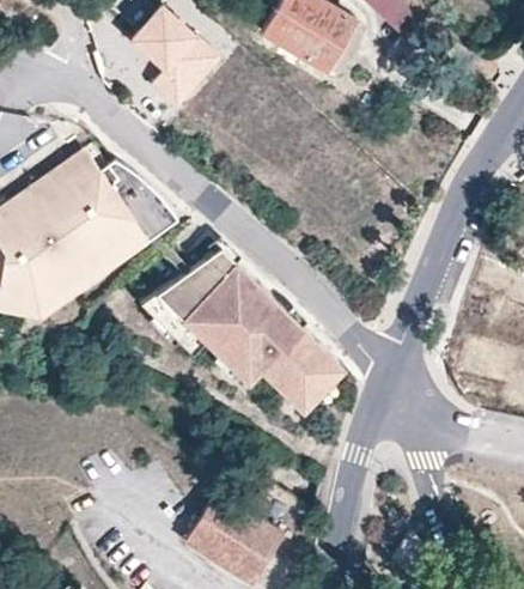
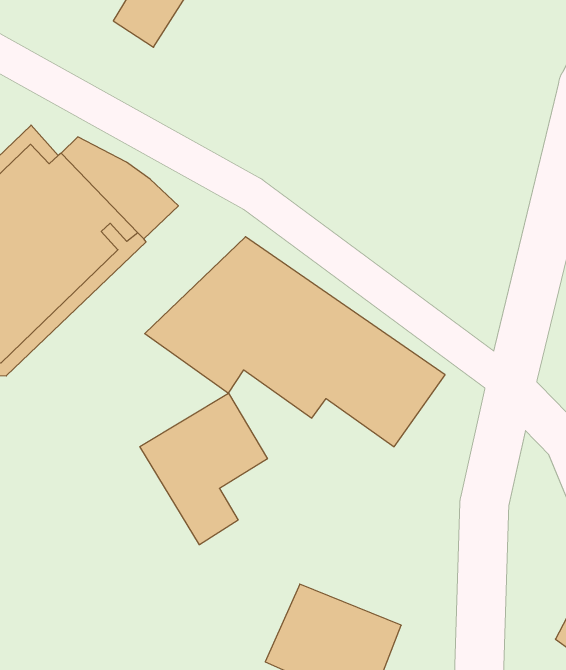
building: none -> [140,393,267,545]

